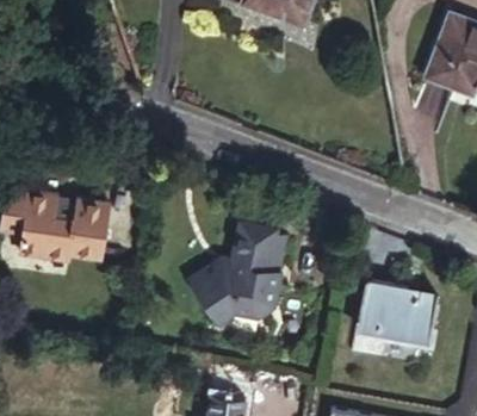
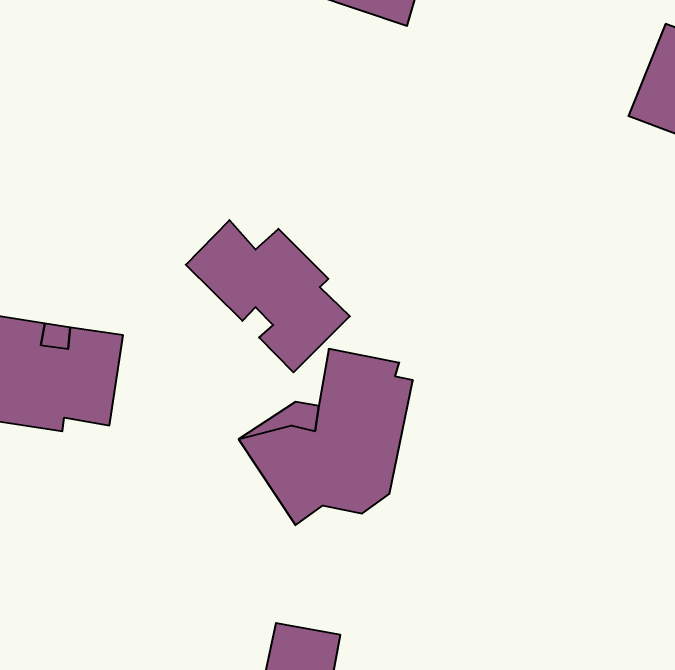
building: none -> [186,220,350,372]
building: [360,273,441,342] -> none

